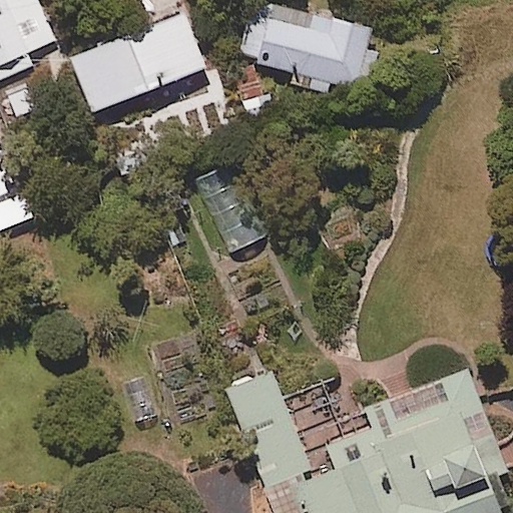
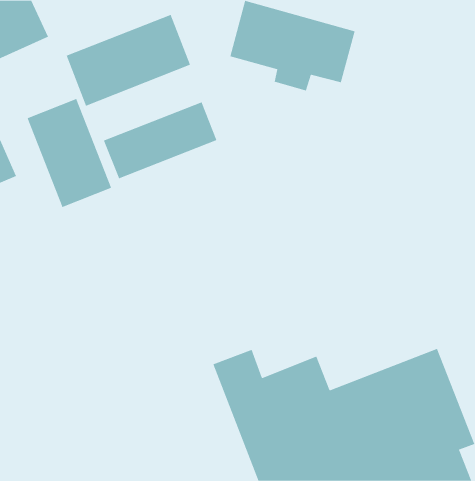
building: none -> [27,98,112,208]
building: none -> [103,101,217,179]

